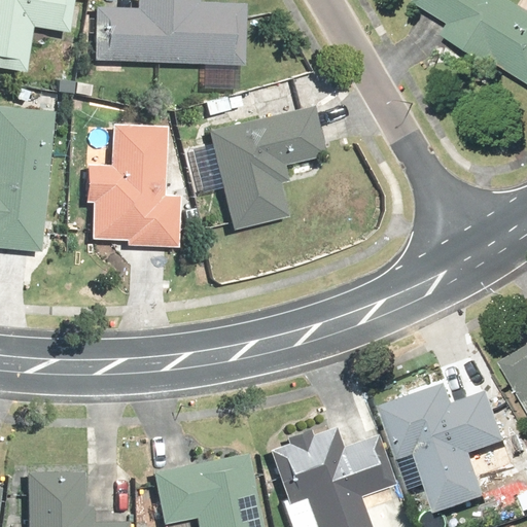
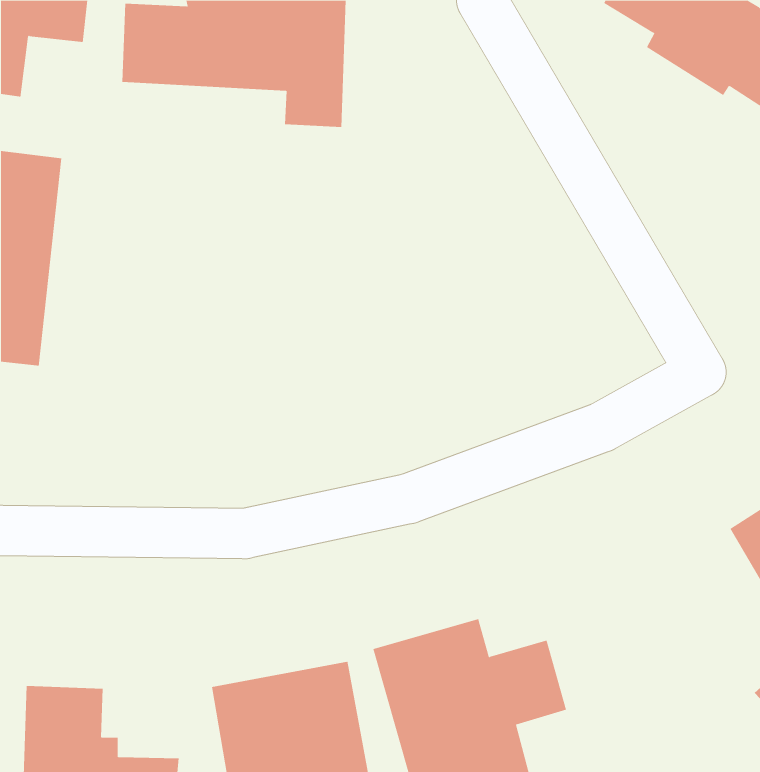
building: [209,107,325,229] -> none
building: [81,124,178,245] -> none
building: [386,382,519,512] -> none

